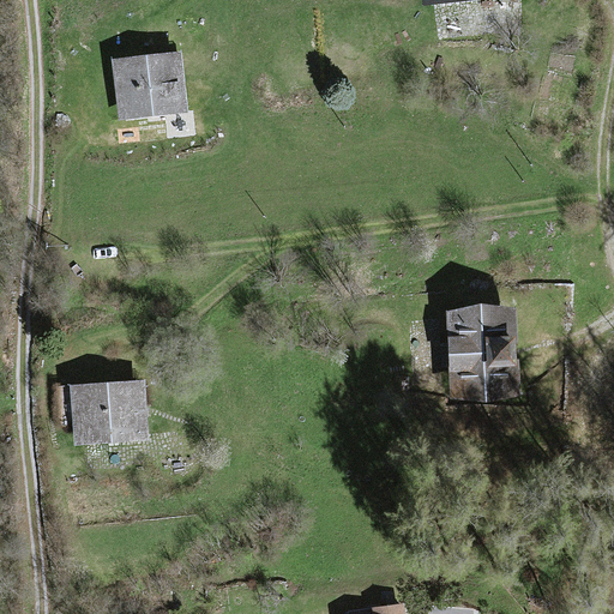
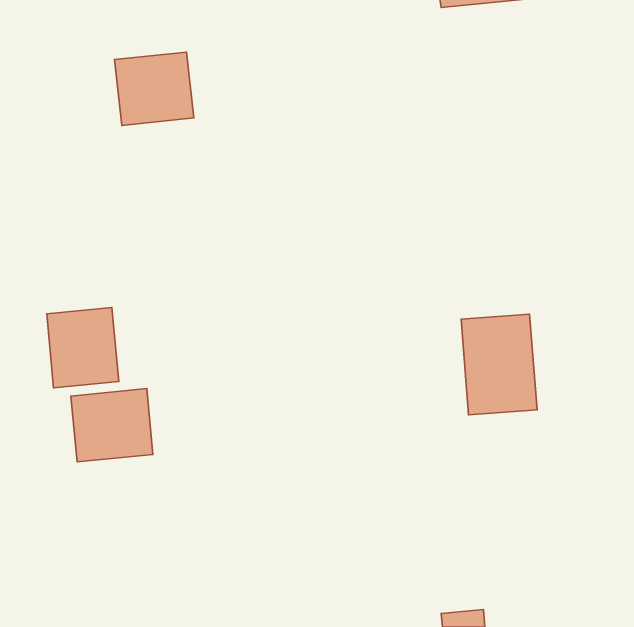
building: none -> [47,307,119,388]

